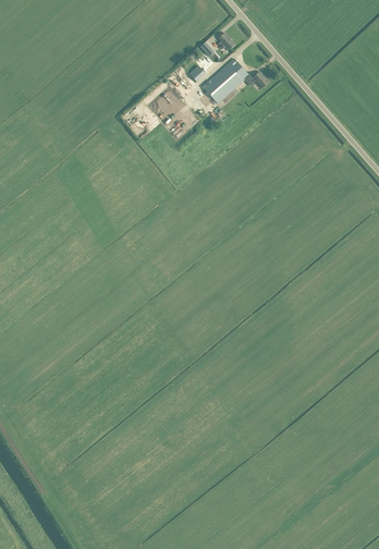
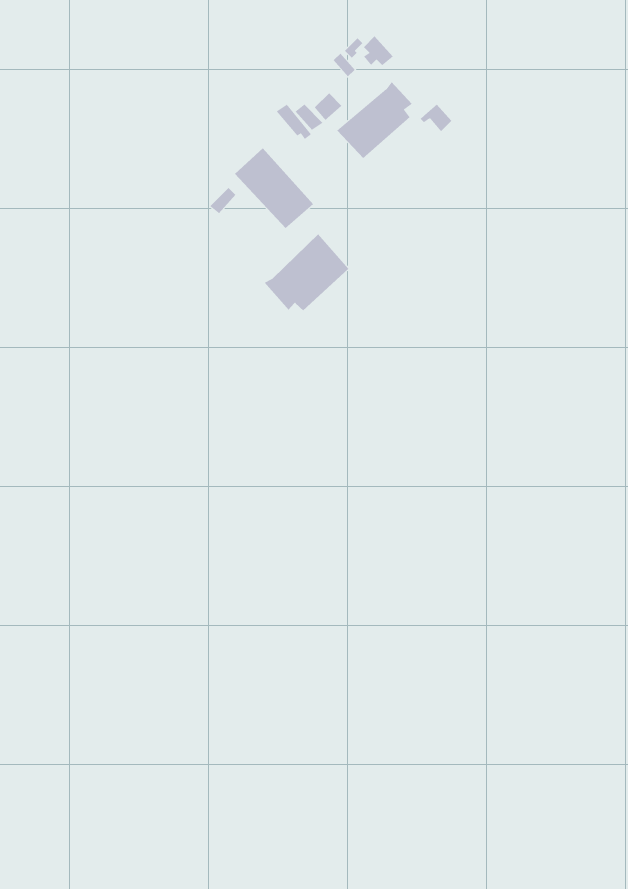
building: none -> [264,234,349,311]

